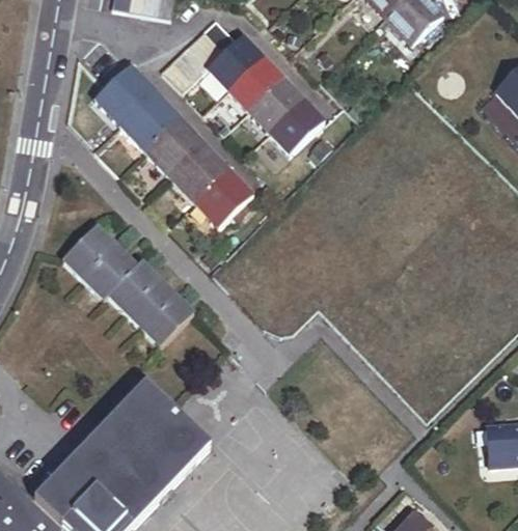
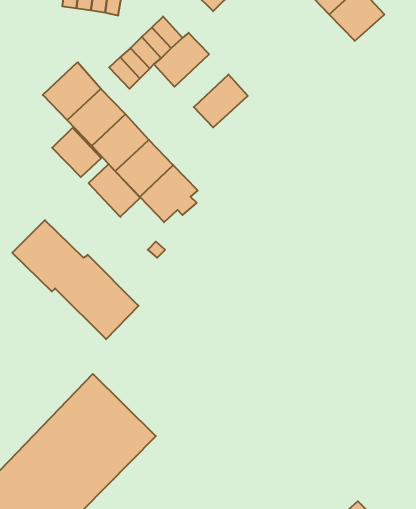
building: [228,56,283,110] -> none
building: [268,99,324,153] -> none
building: none -> [52,128,101,177]
building: none -> [89,164,140,217]

